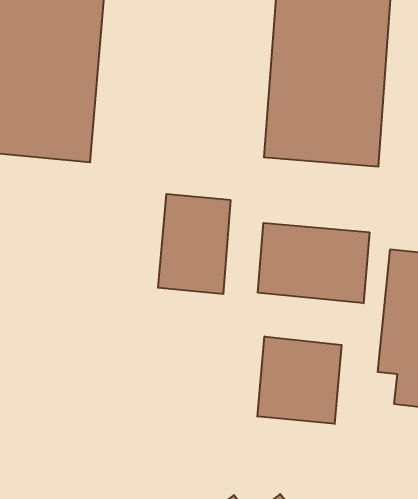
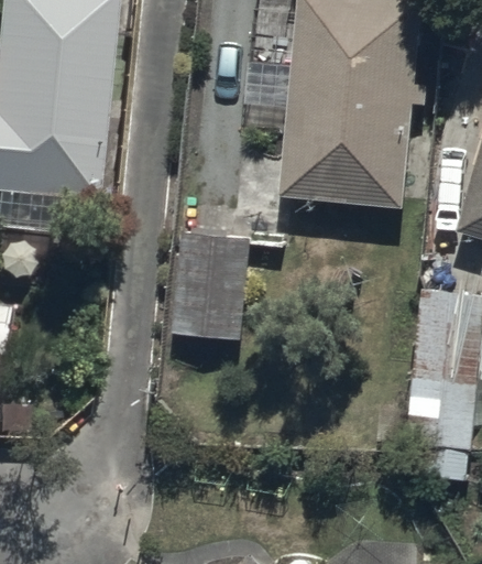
building: [258,223,369,303] -> none
building: [257,336,342,424] -> none

